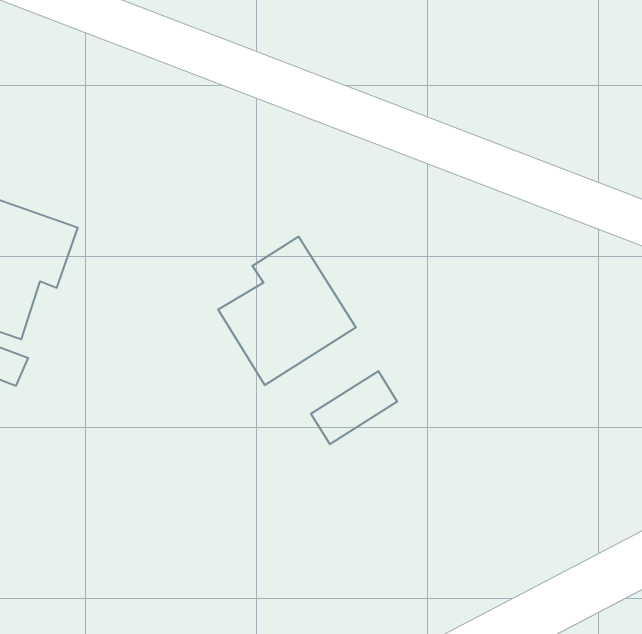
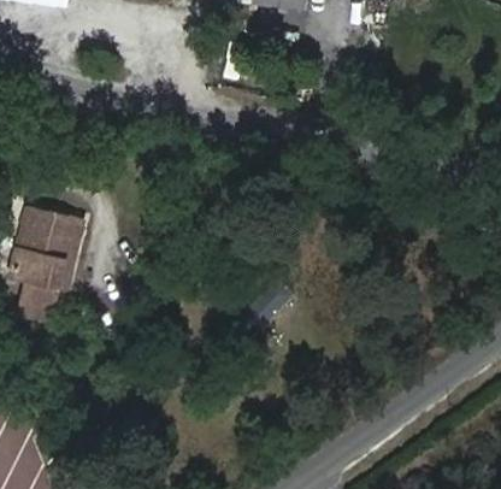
building: [218,237,356,385] -> none

